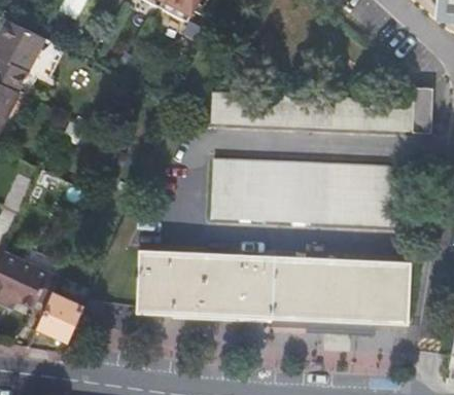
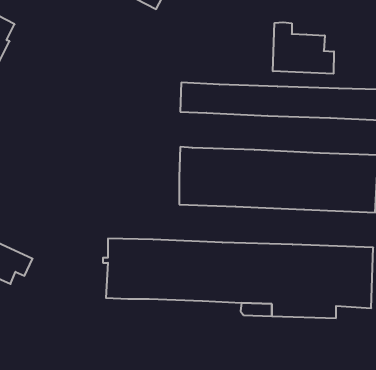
building: none -> [273,22,334,74]
building: [38,267,84,338] -> none

